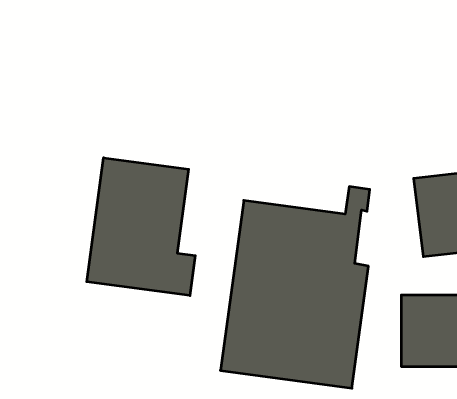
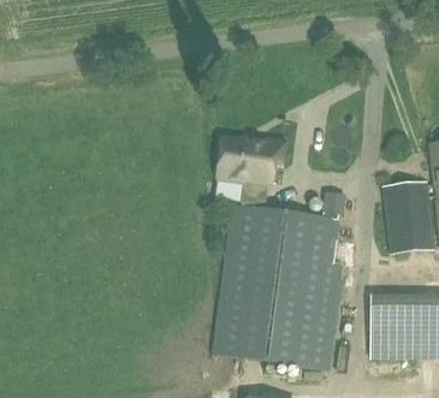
building: none -> [218,137,284,182]
building: [87,158,195,296] -> none

